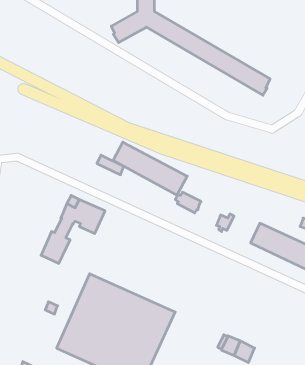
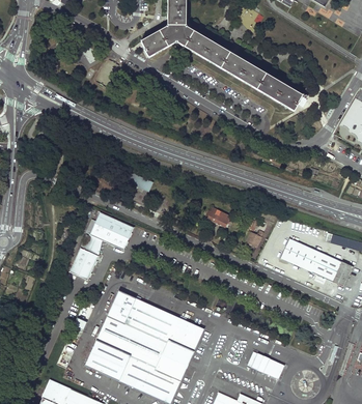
building: [113,142,187,195] -> none

